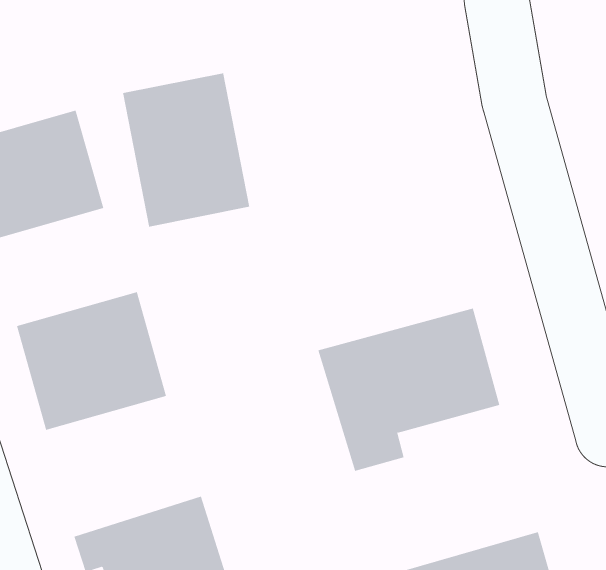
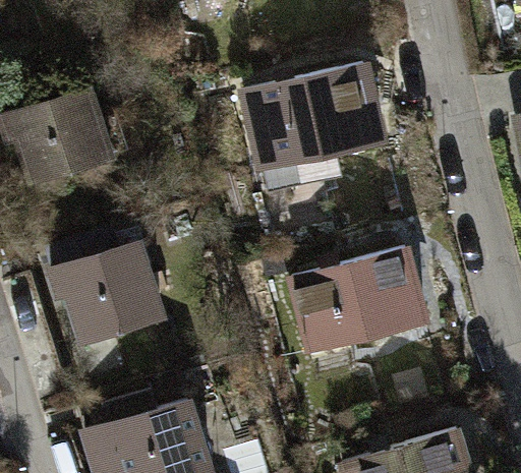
building: [123,72,250,227] -> none
building: none -> [239,65,385,171]

